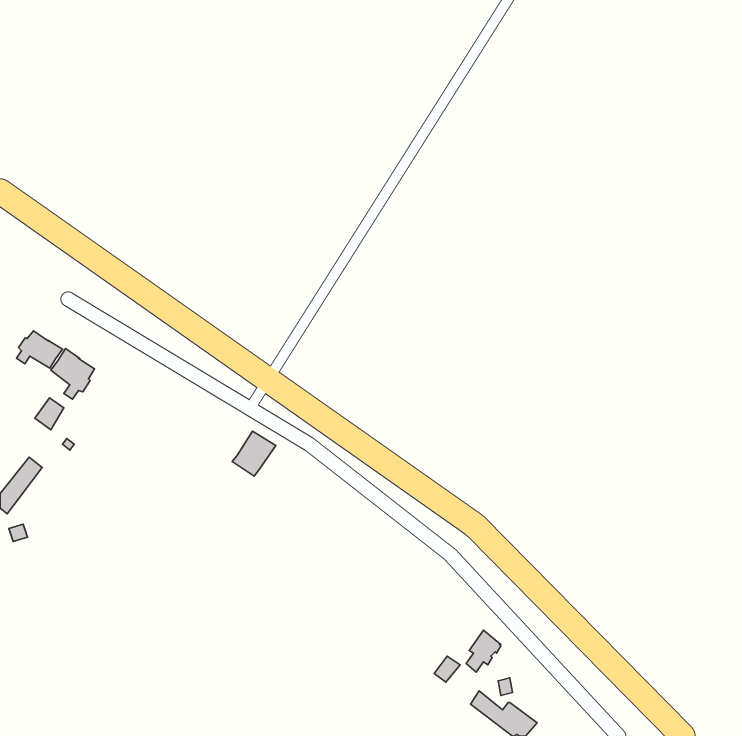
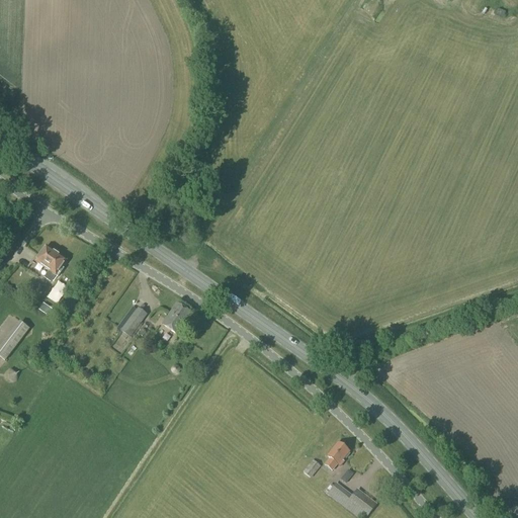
building: [16,331,62,368] -> none
building: none -> [117,304,147,335]

